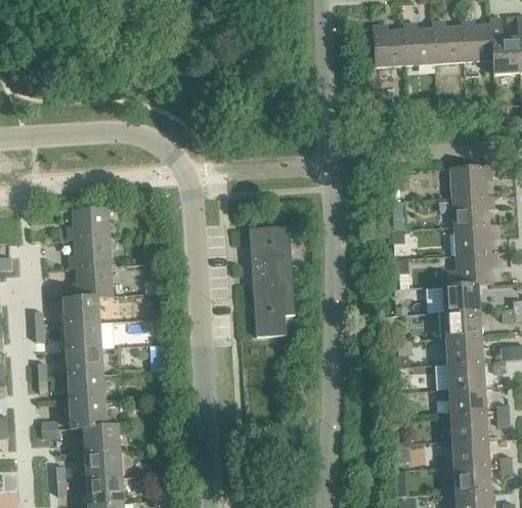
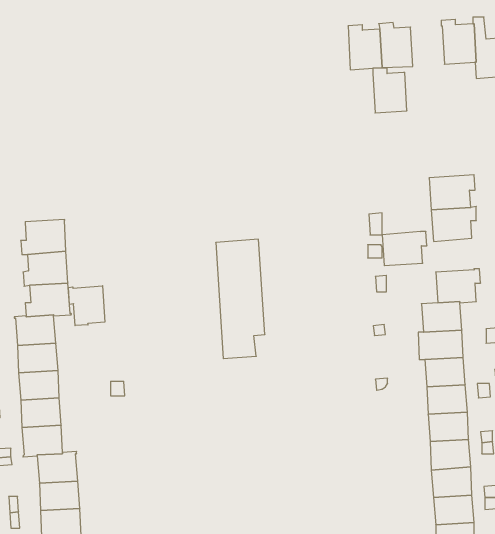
building: [432,22,464,64] -> [373,68,407,113]
building: [453,224,495,256] -> [382,232,427,266]
building: none -> [69,286,105,326]

